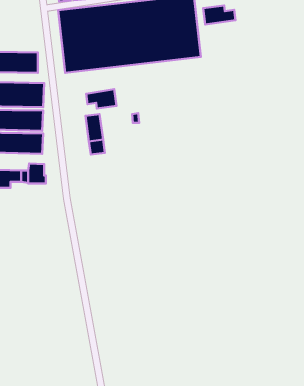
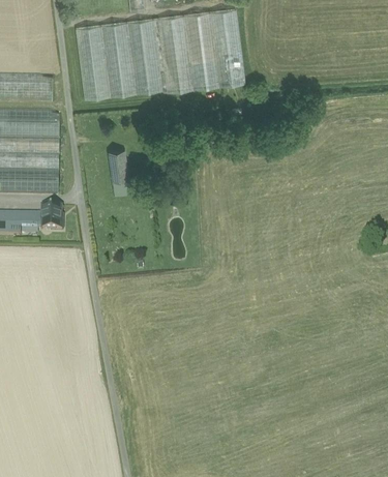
building: [203,6,235,24] -> none
building: [86,89,117,108] -> none

